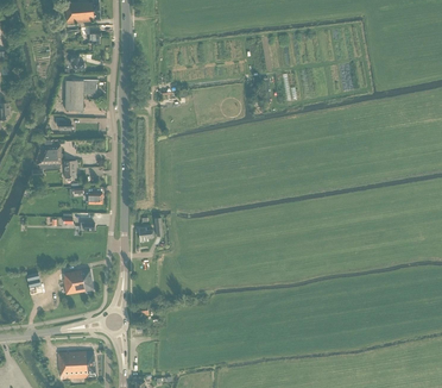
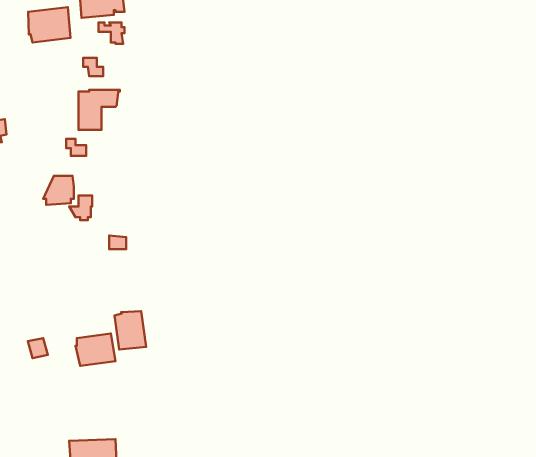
building: none -> [28,7,70,42]
building: none -> [114,311,146,350]

